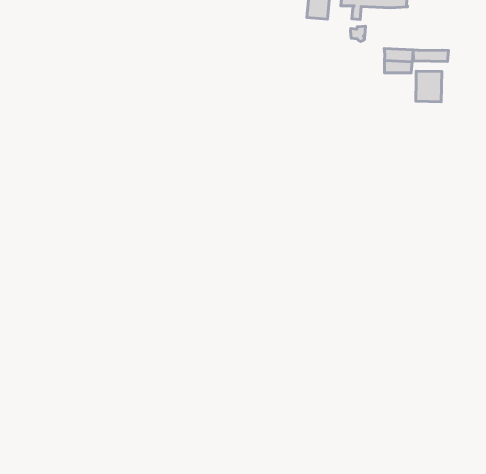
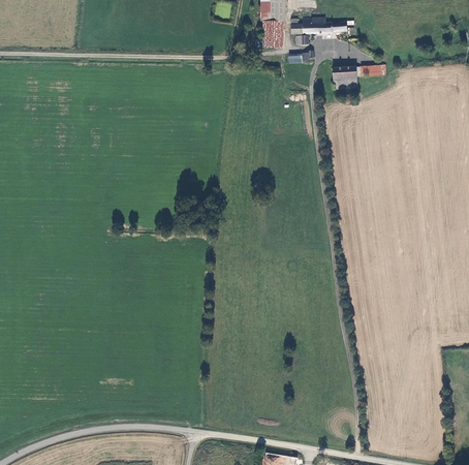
building: [416,71,442,102] -> none

